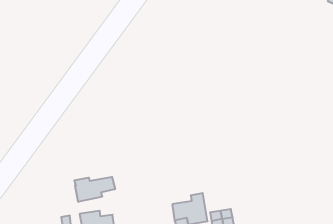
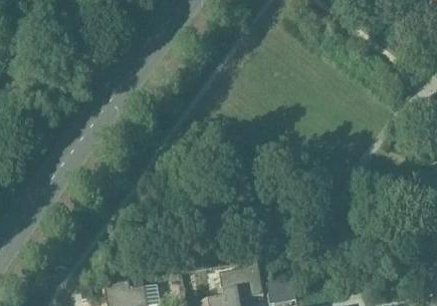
building: [74,177,115,202] -> none

